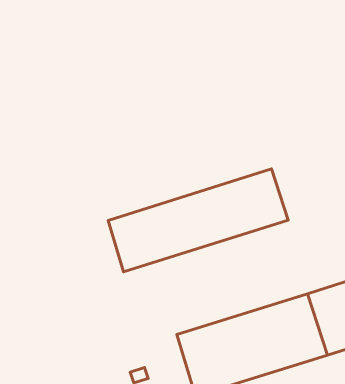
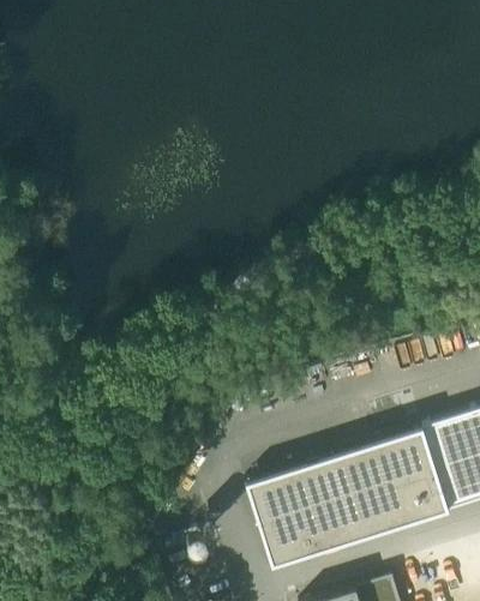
building: [108,169,288,272] -> none

